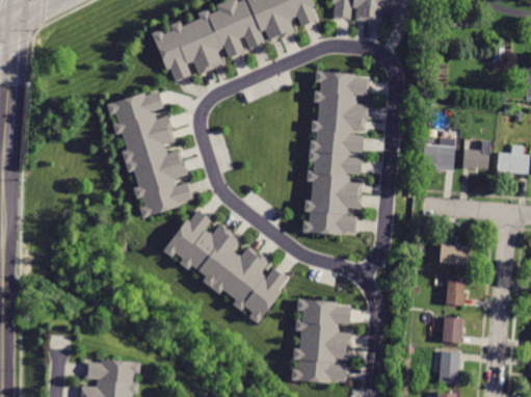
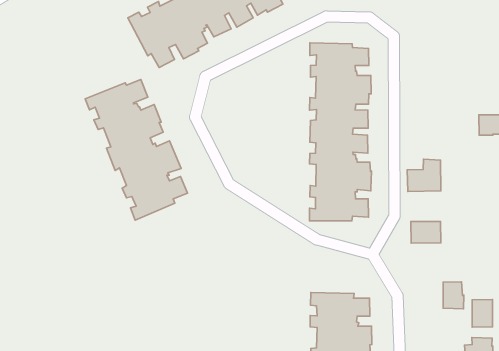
building: [424,135,456,165] -> [407,159,441,191]
building: [163,210,288,322] -> none
building: [441,243,469,265] -> [411,221,441,243]
building: [446,279,466,305] -> [443,282,464,309]

